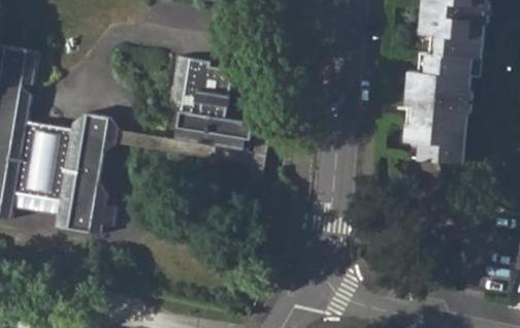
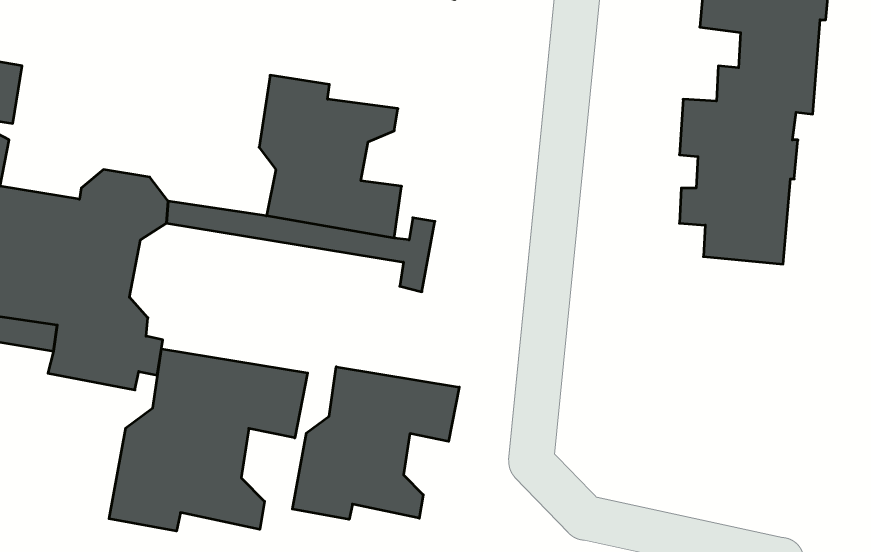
building: none -> [109,349,308,531]
building: none -> [292,367,459,519]

